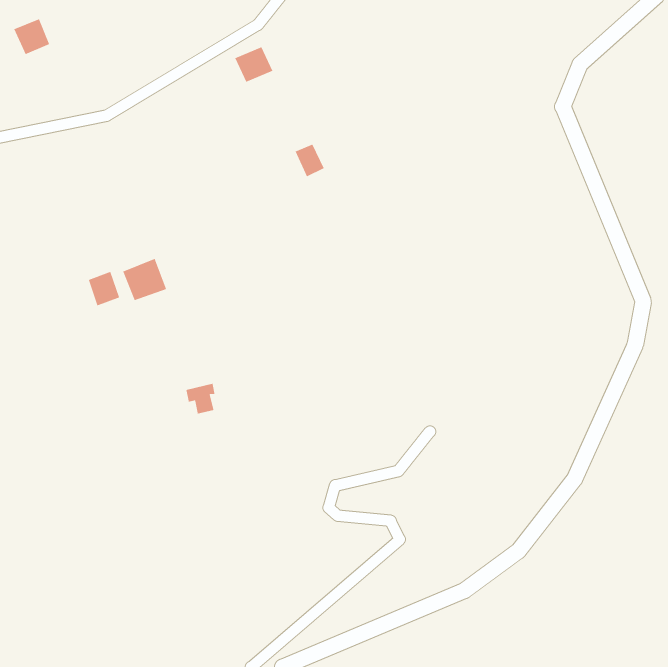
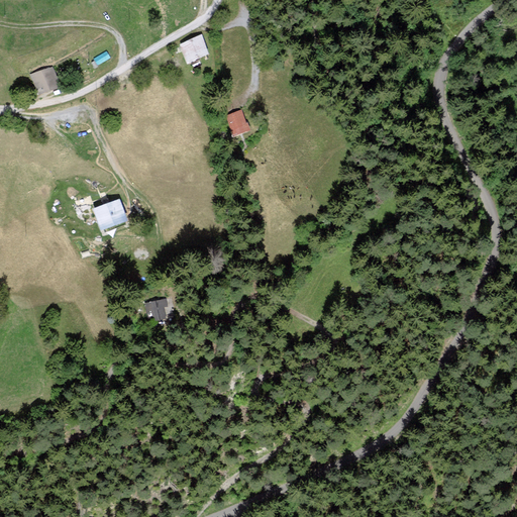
building: [13,18,50,55] -> [30,66,59,94]
building: [88,271,120,306] -> none

